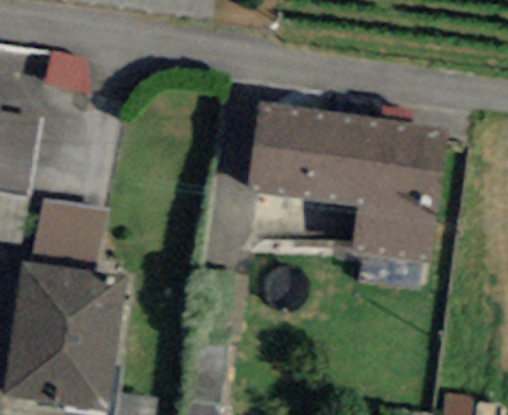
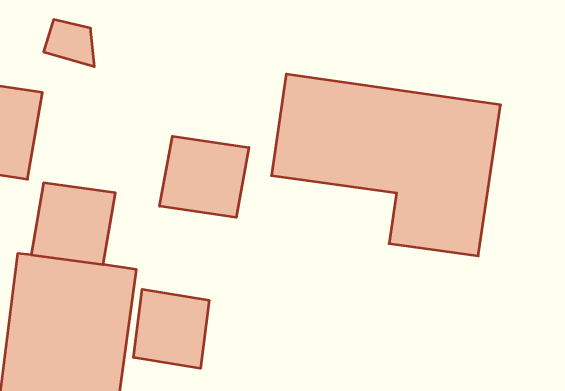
building: none -> [160,136,249,217]
building: none -> [134,289,209,368]

